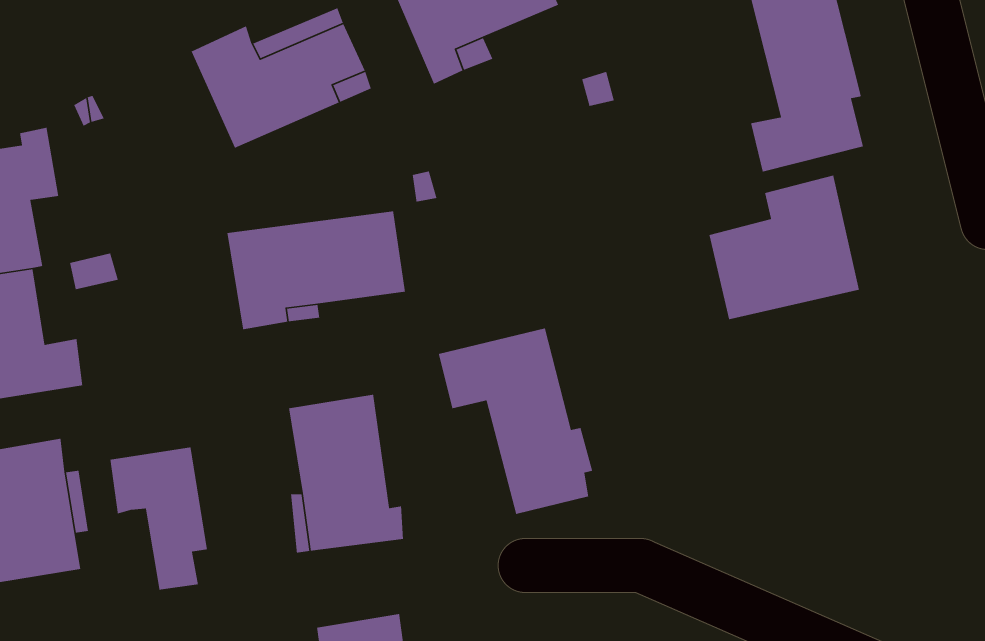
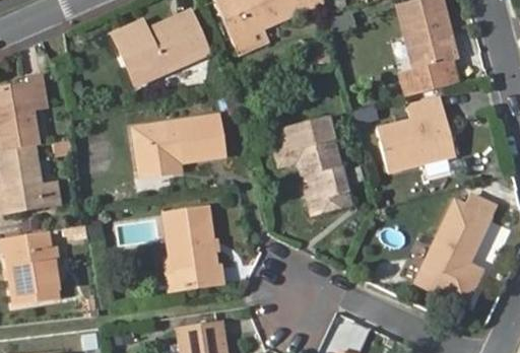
building: [438,328,593,515] -> [272,119,351,214]
building: none -> [415,196,495,305]
building: [109,447,208,591] -> none

